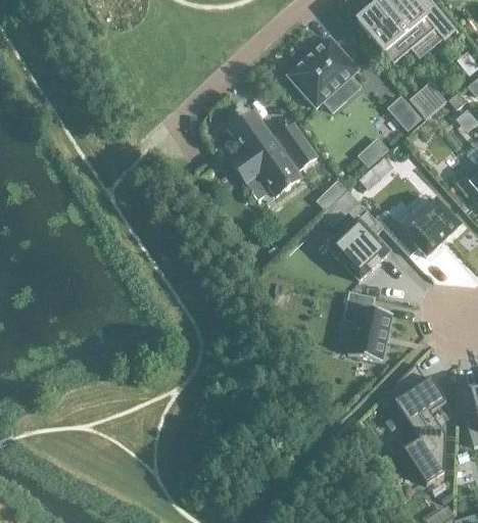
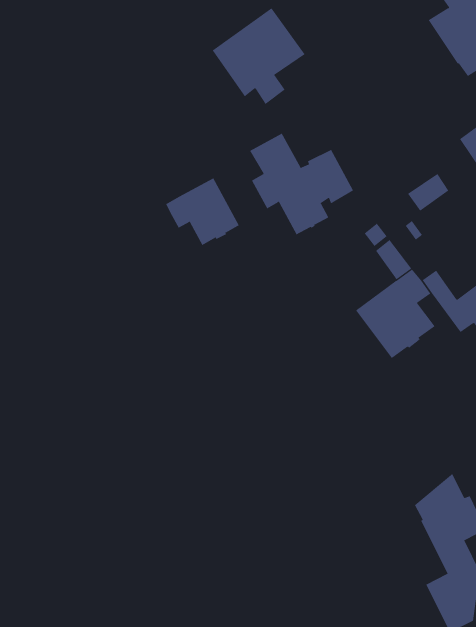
building: [287,36,358,110] -> [212,7,306,105]
building: none -> [165,177,239,246]
building: [346,290,391,360] -> none

